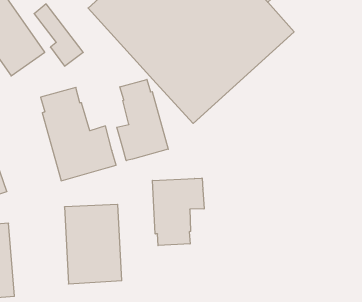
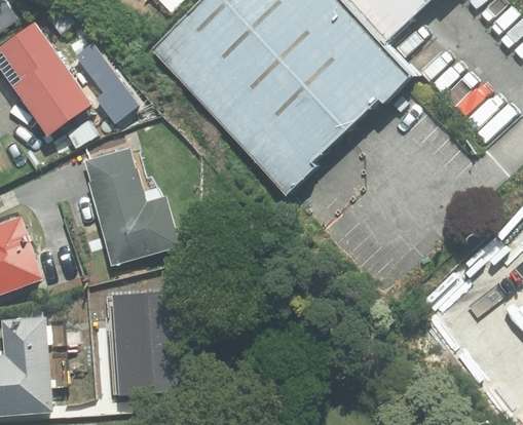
building: [117,79,168,161] -> none
building: [152,178,204,246] -> none

